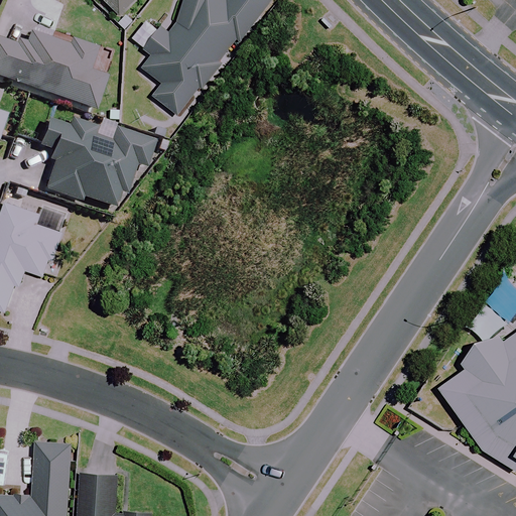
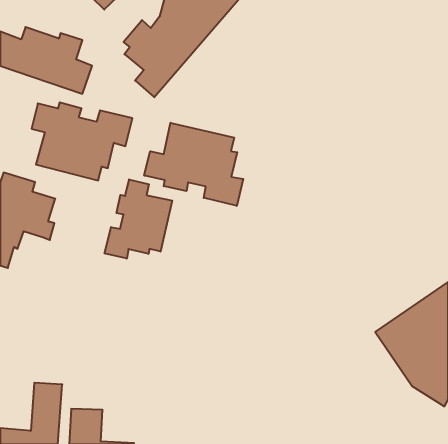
building: none -> [144,123,243,206]
building: none -> [105,179,172,259]

